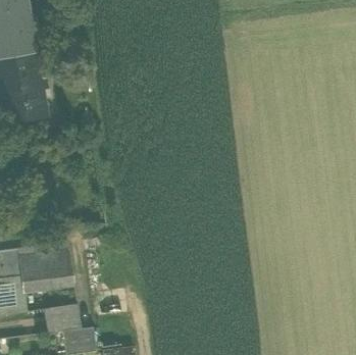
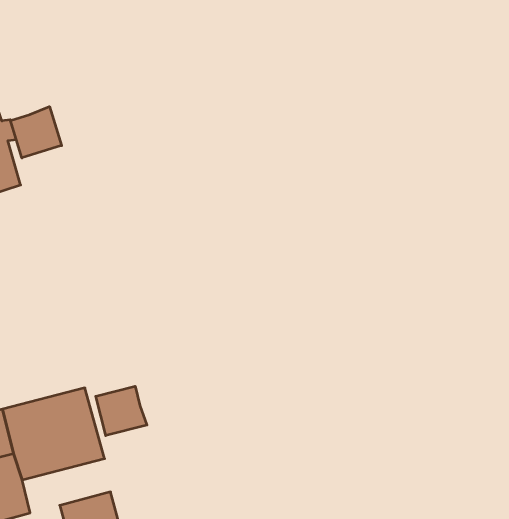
building: none -> [11,107,62,158]
building: none -> [96,386,147,436]

